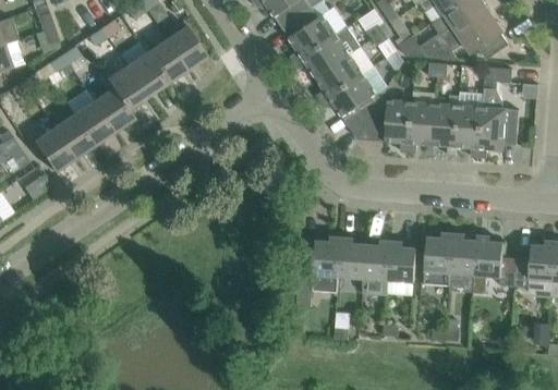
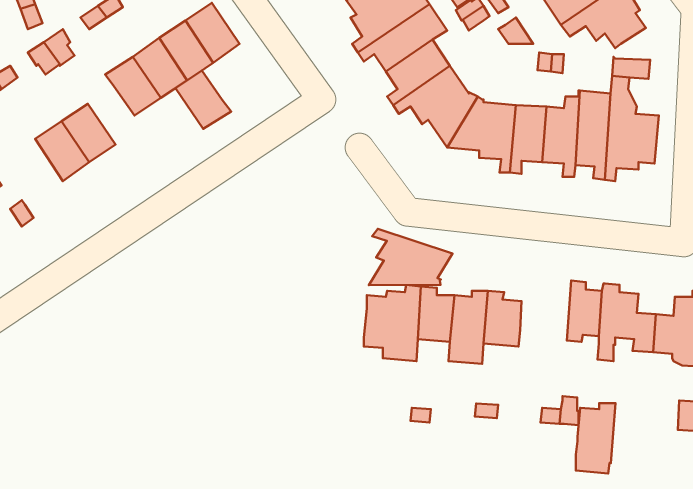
building: [93,88,134,132] -> [176,70,231,129]
building: [34,127,74,172] -> none
building: none -> [369,229,453,285]
building: [424,233,453,285] -> [576,403,615,473]

